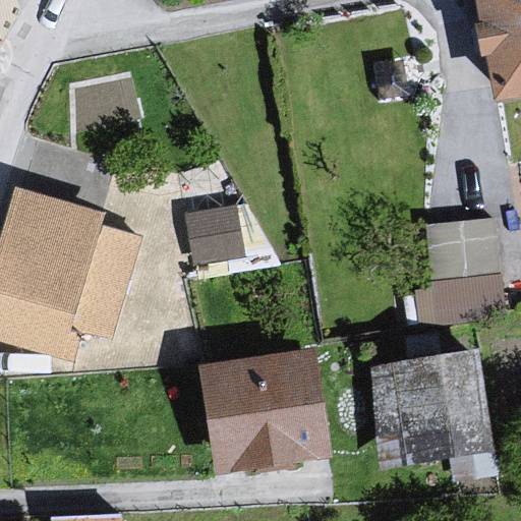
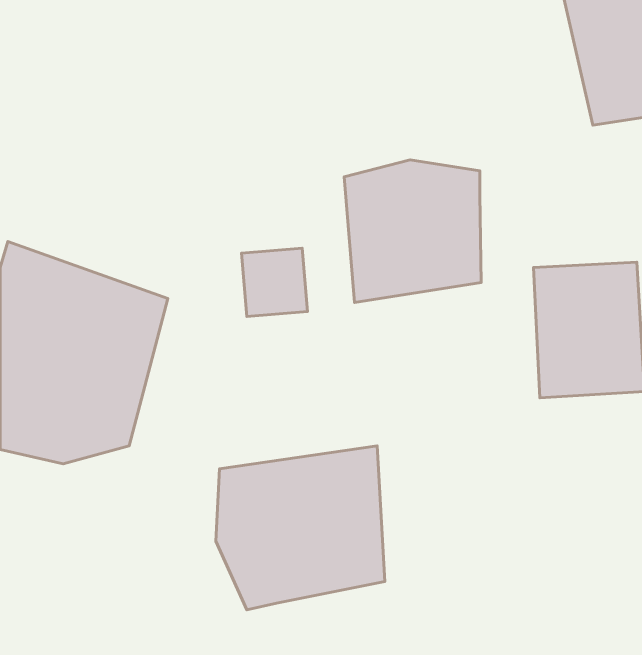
building: none -> [344,160,481,303]
building: [368,350,486,457] -> none

